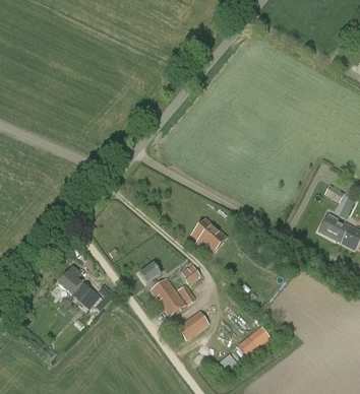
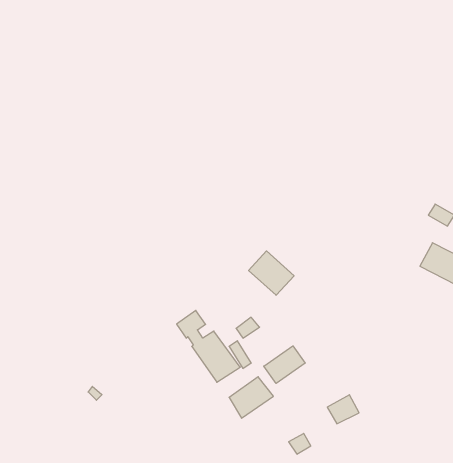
building: [57,265,113,310] -> none
building: none -> [264,346,305,383]

